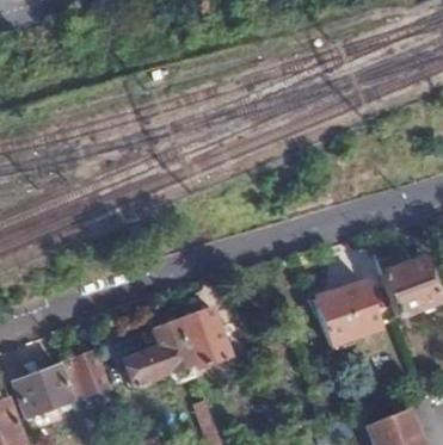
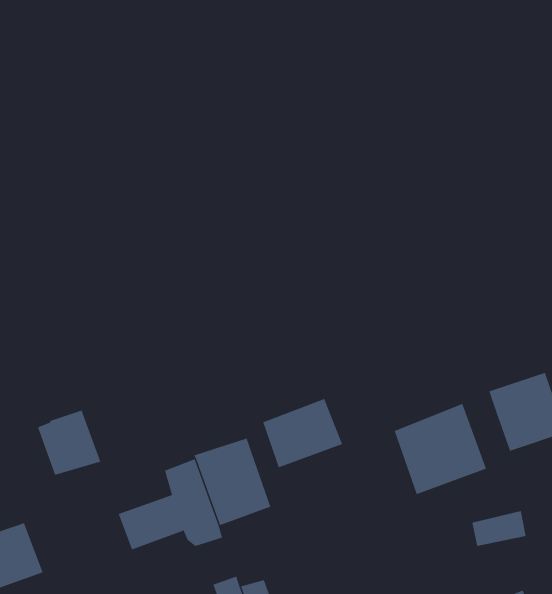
building: none -> [263,398,343,468]
building: [66,351,110,396] -> [37,410,101,476]

